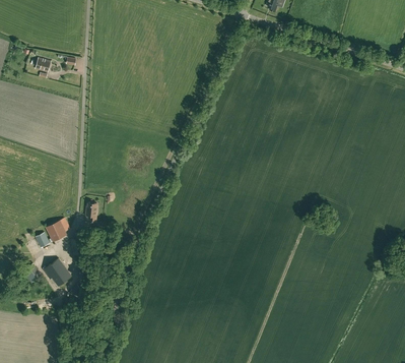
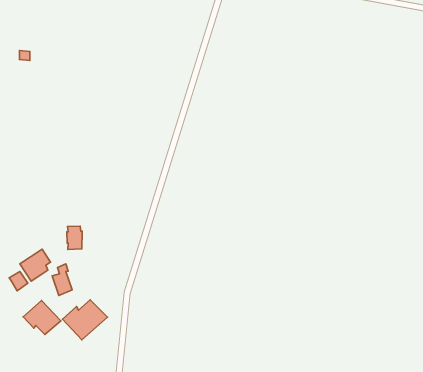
building: none -> [63,300,107,340]

